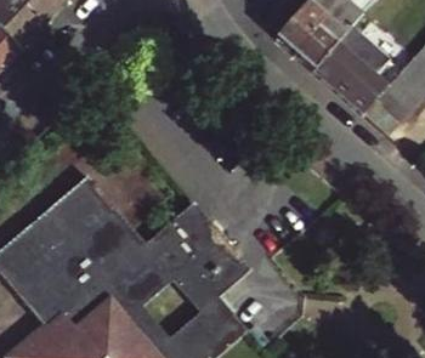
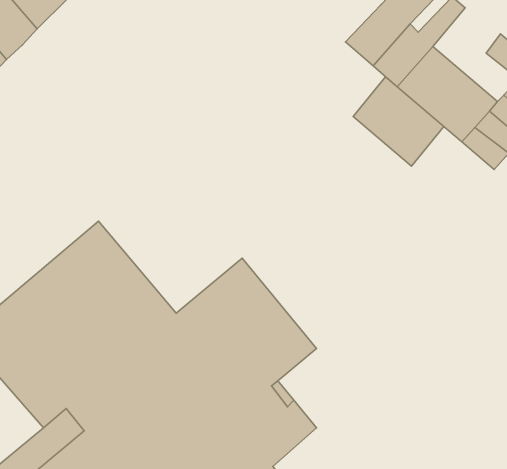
building: none -> [353,77,444,166]

